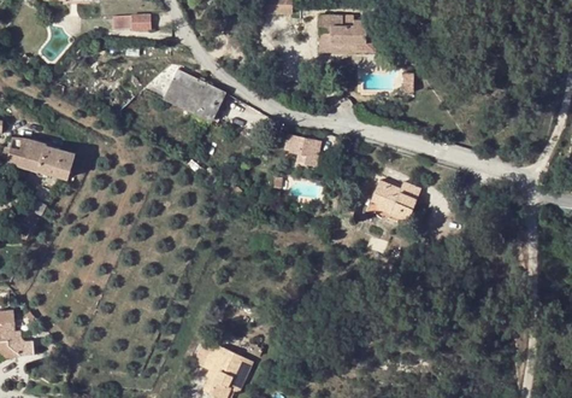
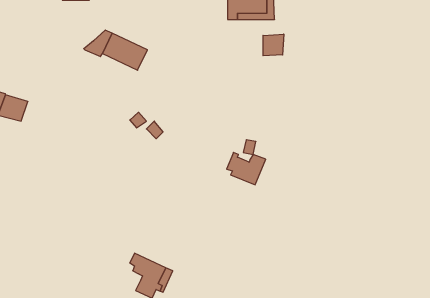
building: none -> [263,34,284,56]
building: [284,135,320,166] -> none
building: [371,181,419,221] -> [227,152,266,185]

